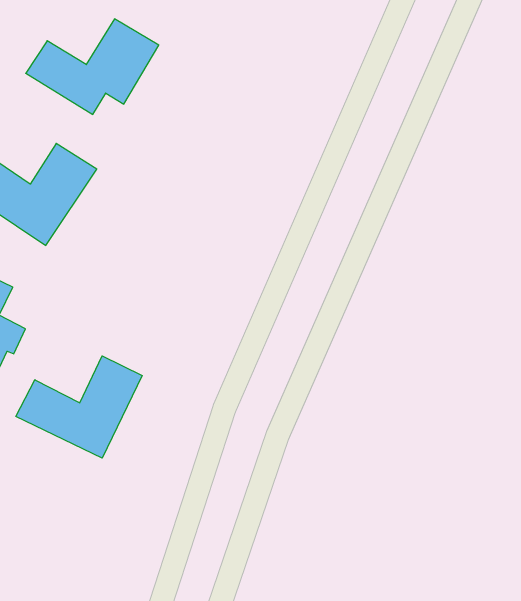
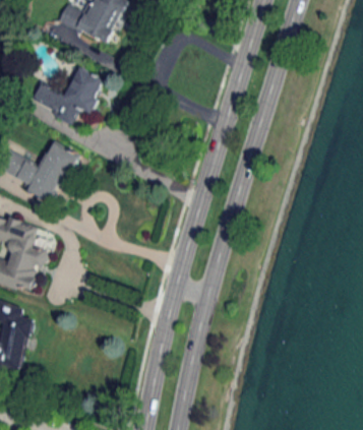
building: [16,356,142,458] -> none

